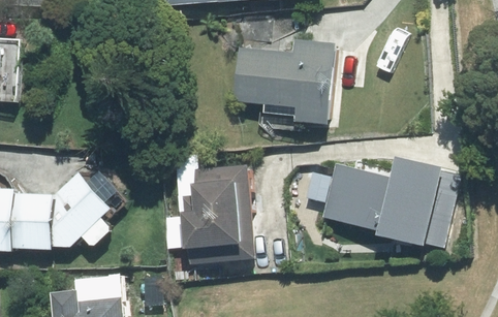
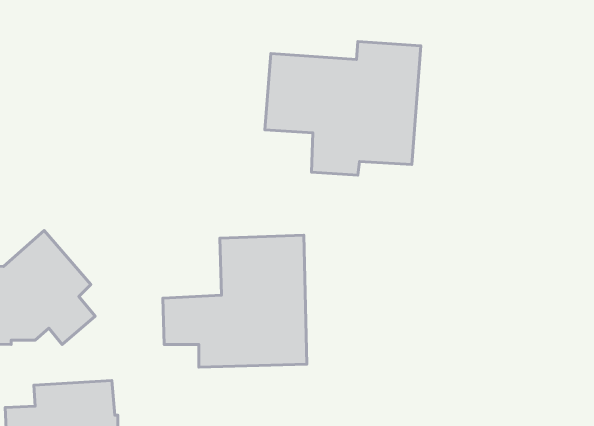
building: [316,155,449,247] -> none

